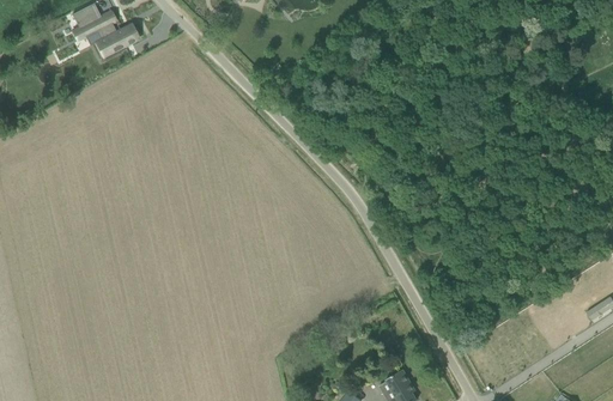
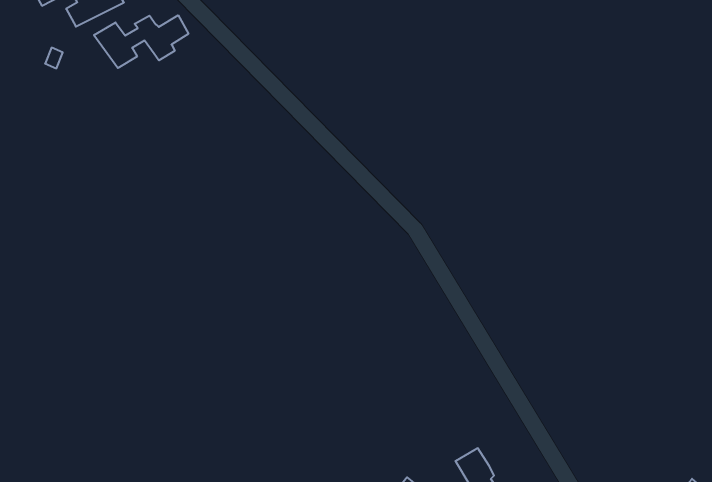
building: none -> [94,15,188,68]

